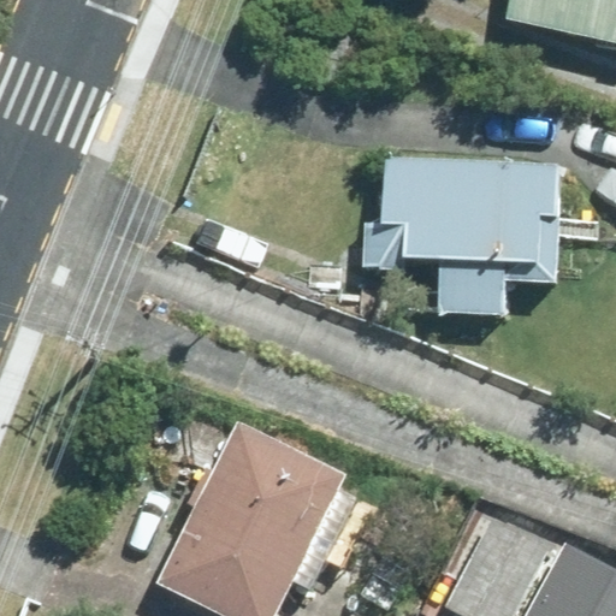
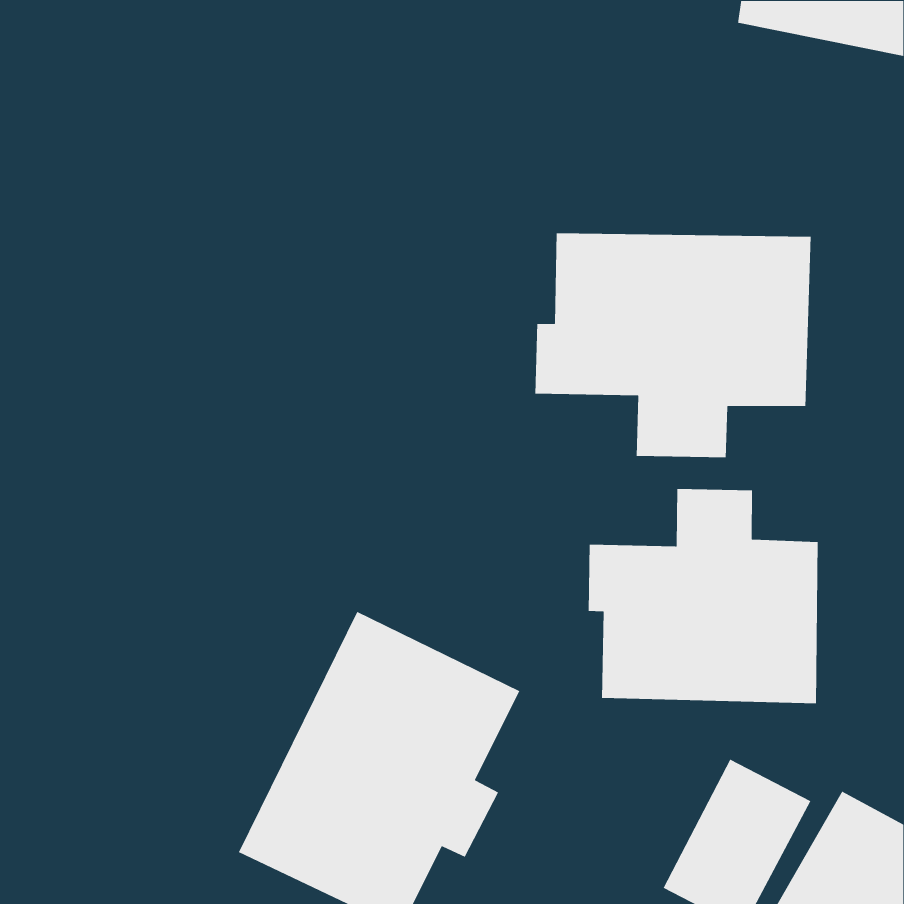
building: none -> [588,488,818,704]

